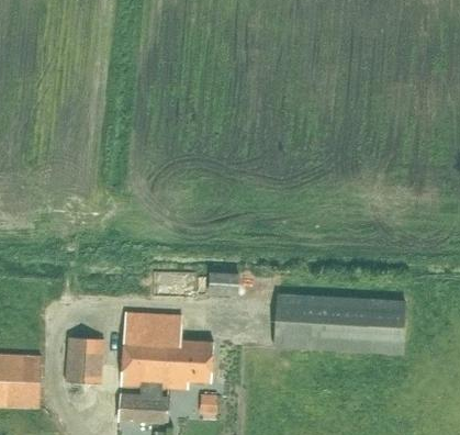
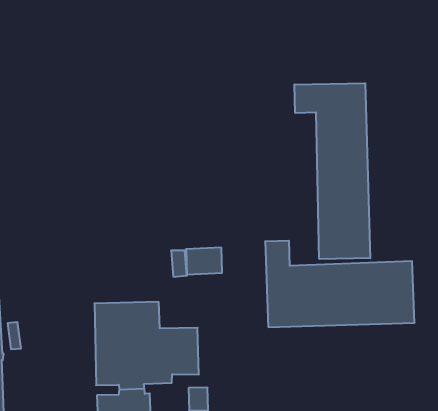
building: none -> [294,83,370,259]
building: [65,338,105,383] -> none

